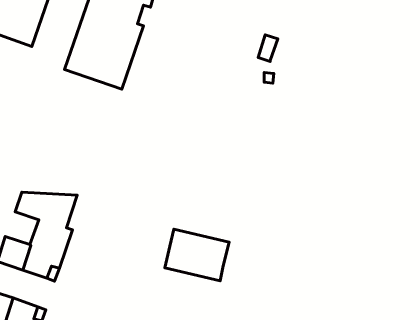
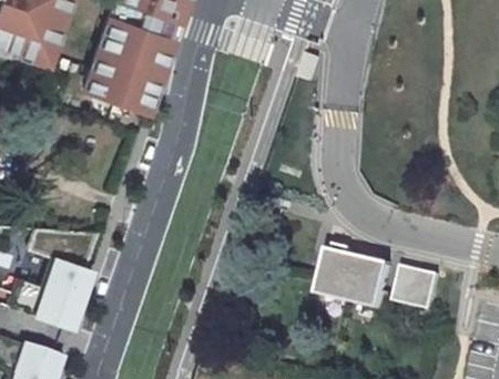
building: none -> [395,264,441,308]
building: [165,229,229,281] -> [320,249,393,307]

